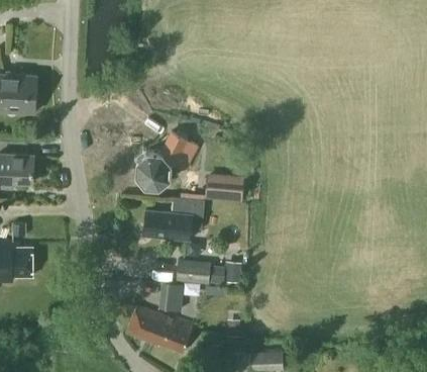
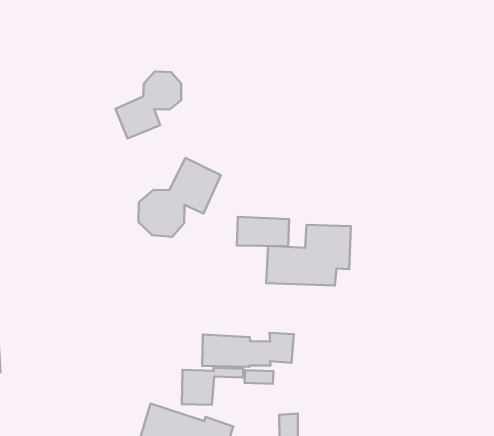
building: none -> [116,72,181,138]
building: [141,197,204,242] -> [266,225,351,286]

